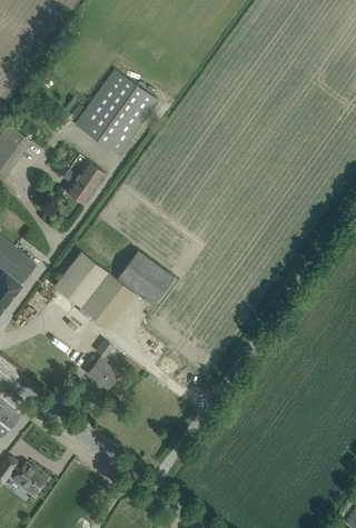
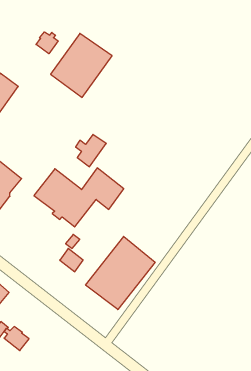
building: none -> [36,32,58,54]
building: [65,161,106,205] -> [76,134,106,167]
building: none -> [86,236,155,310]

